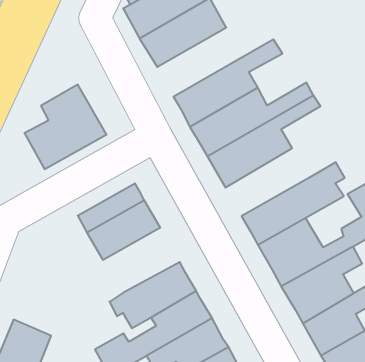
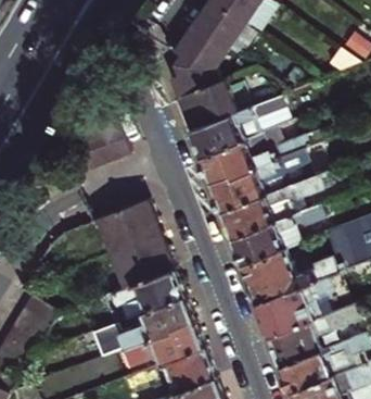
building: none -> [180,82,253,133]
building: none -> [221,175,332,241]
building: none -> [110,240,174,290]

